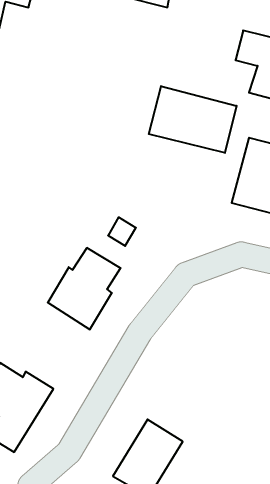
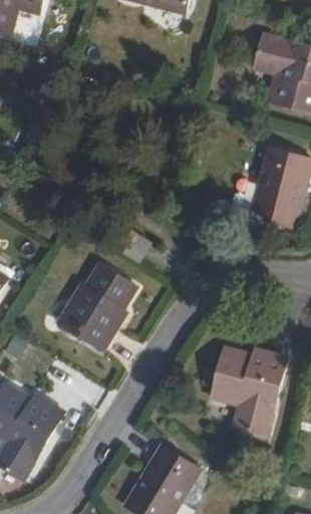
building: [149,86,237,153] -> none
building: none -> [211,349,286,435]

